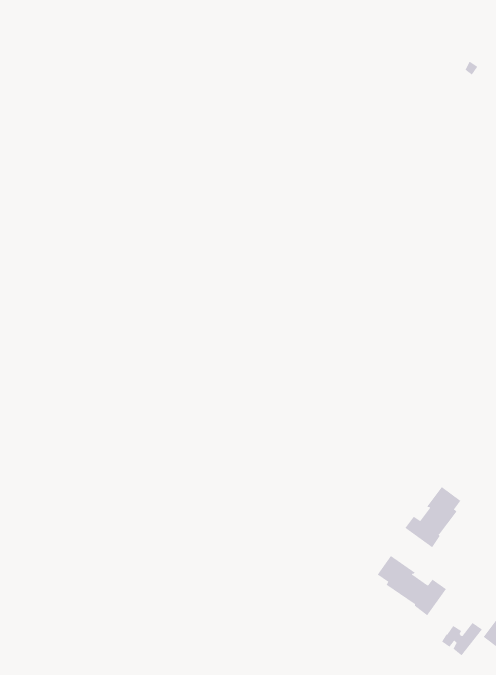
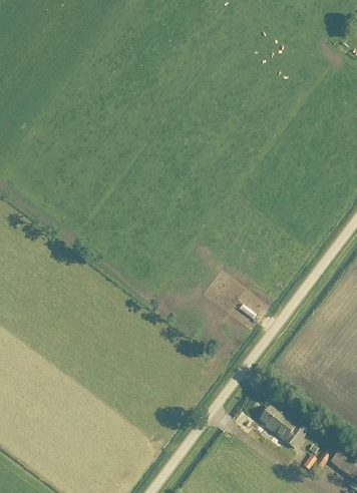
building: [405,486,461,548] -> none

